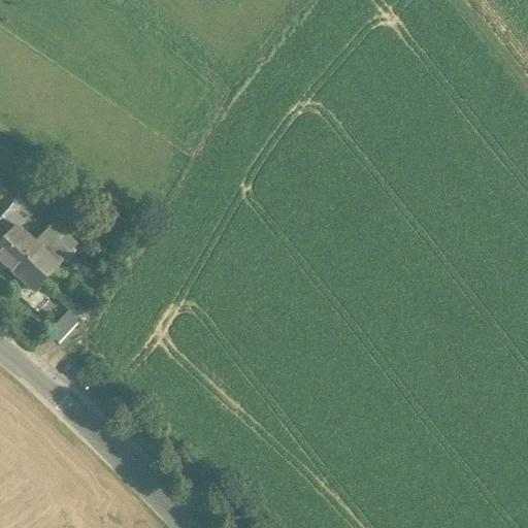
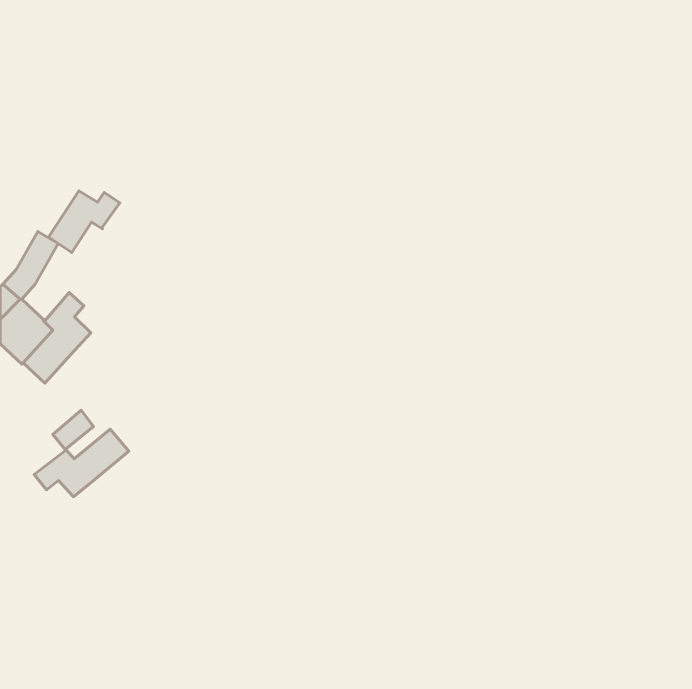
building: none -> [48,191,120,252]
building: none -> [34,429,129,497]

